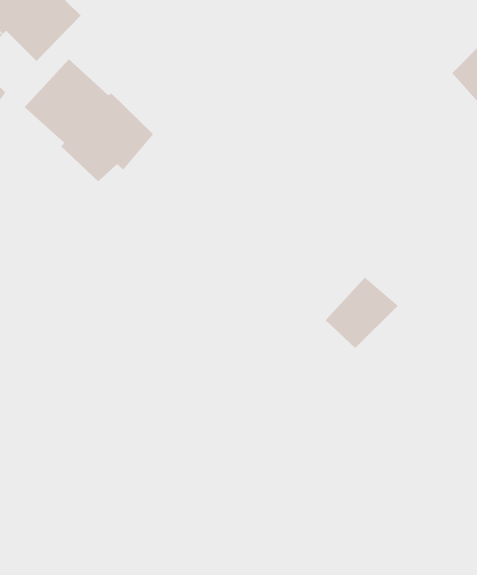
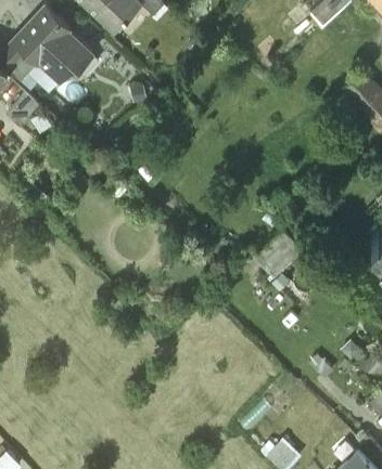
building: [24,59,154,182] -> none

